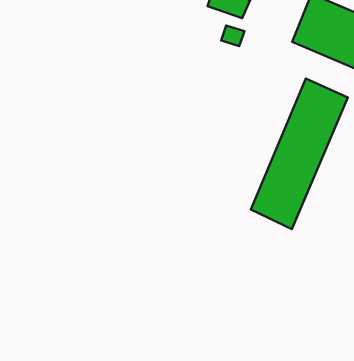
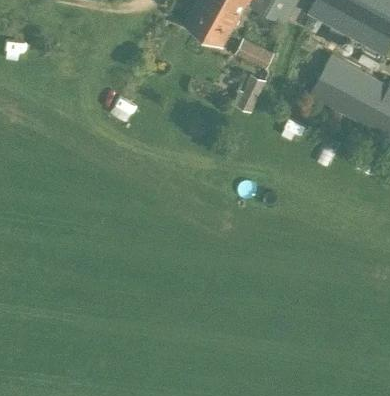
building: [251,79,348,229] -> none

